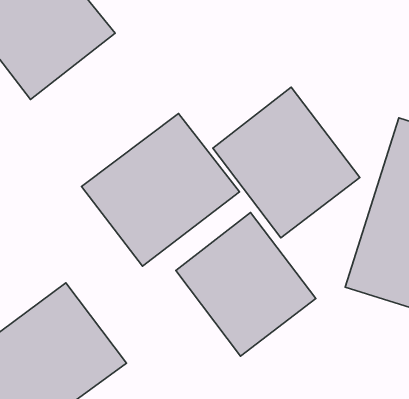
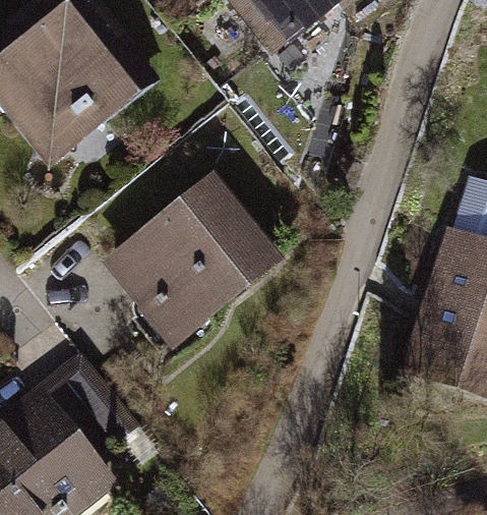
building: [213,87,360,238] -> none
building: [176,213,316,356] -> none

